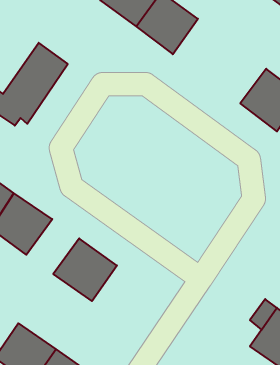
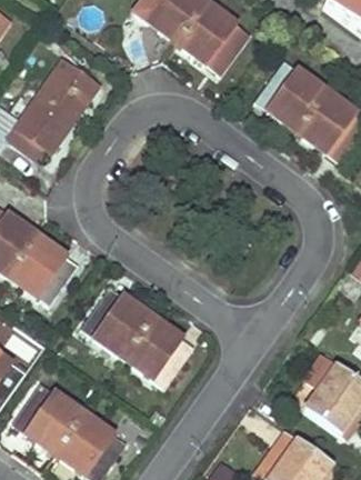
building: none -> [255,61,327,130]
building: none -> [126,317,194,387]

